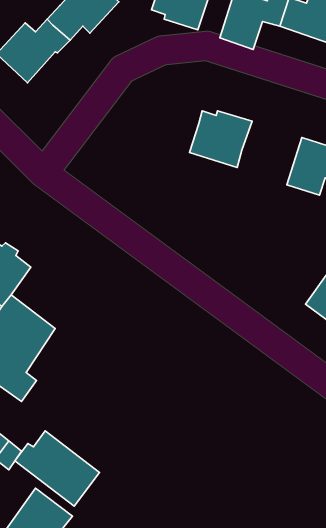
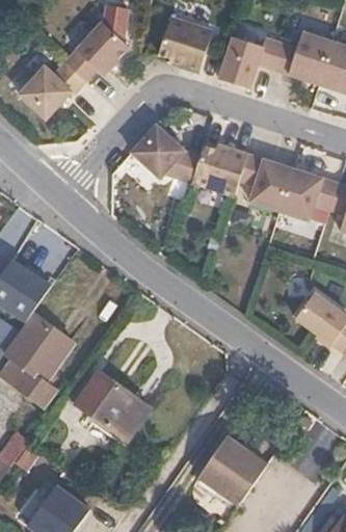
building: none -> [131,126,201,182]
building: none -> [239,154,293,211]
building: [15,431,100,506] -> [71,370,147,437]
building: none -> [197,435,265,505]

